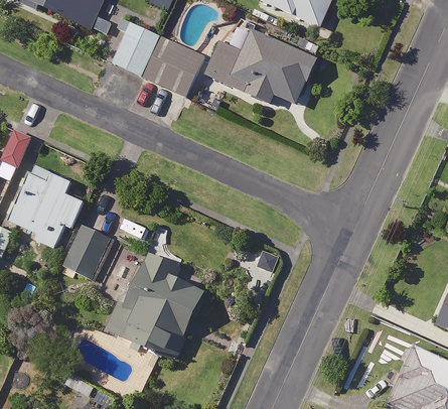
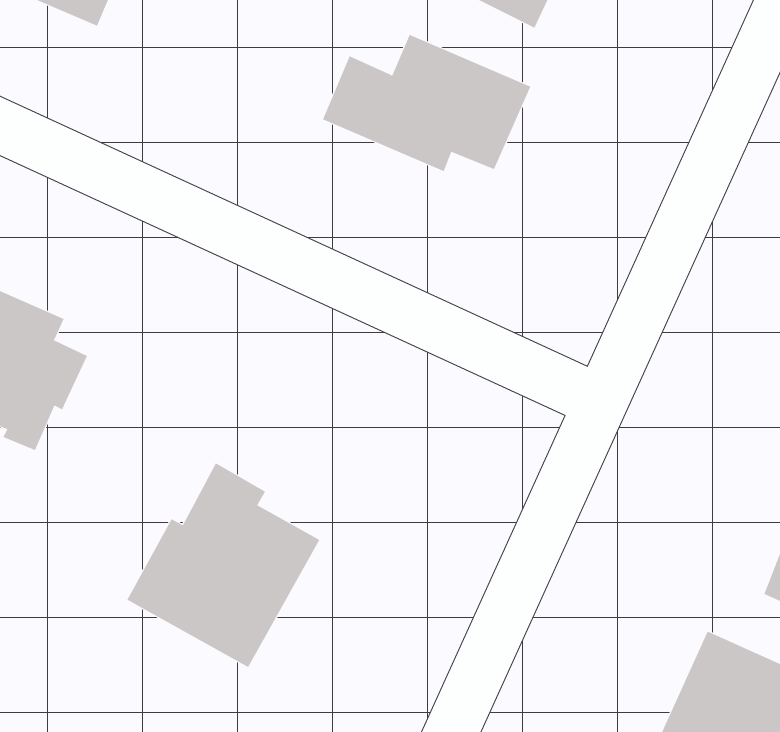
building: [111,19,205,95] -> none
building: [64,227,114,280] -> none

